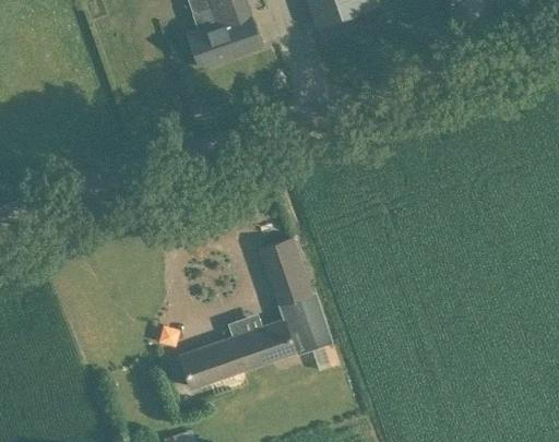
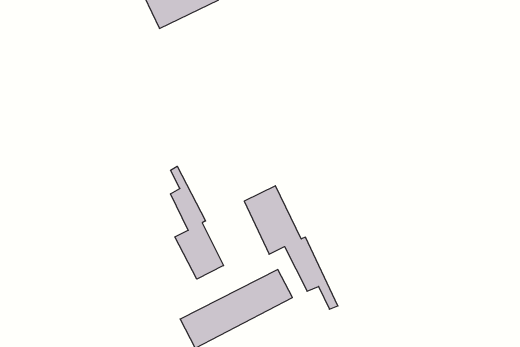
building: none -> [171,166,224,279]

